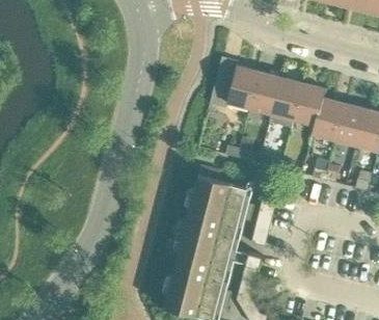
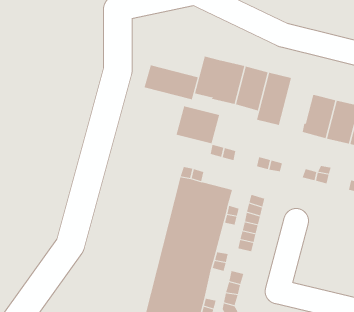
building: none -> [144,65,199,100]
building: [293,83,325,126] -> none
building: none -> [176,105,220,144]

